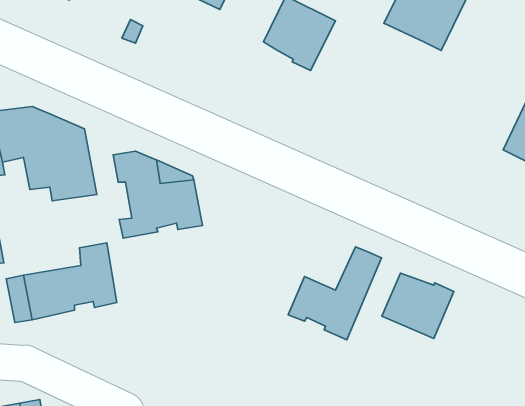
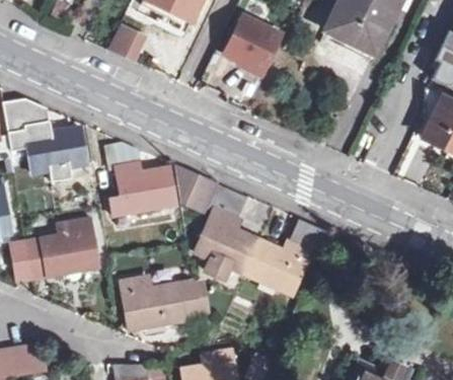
building: none -> [170,163,256,275]
building: [382,273,454,338] -> none
building: none -> [119,278,201,329]

